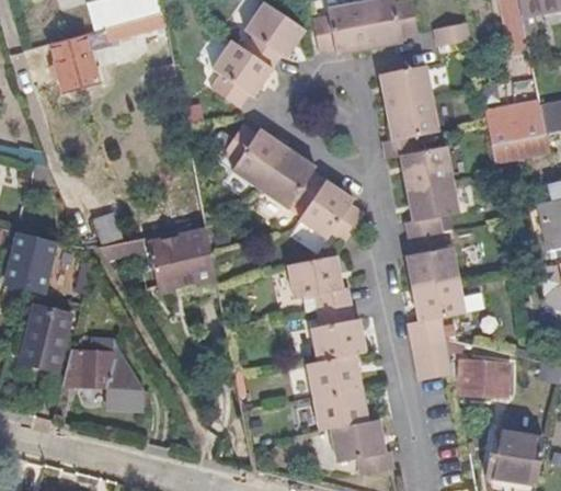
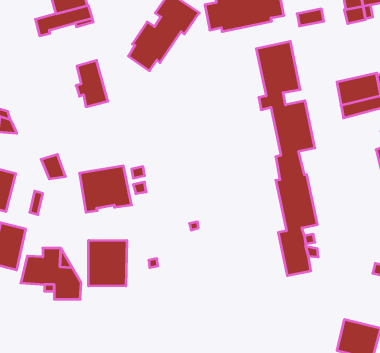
building: [48,36,91,99] -> [76,60,108,107]
building: [219,122,359,240] -> none
building: [284,253,392,470] -> none
building: none -> [89,240,127,286]
building: [459,363,513,406] -> none

